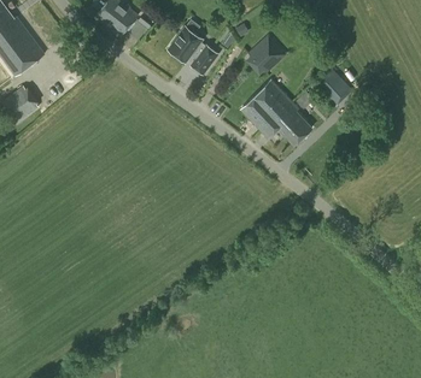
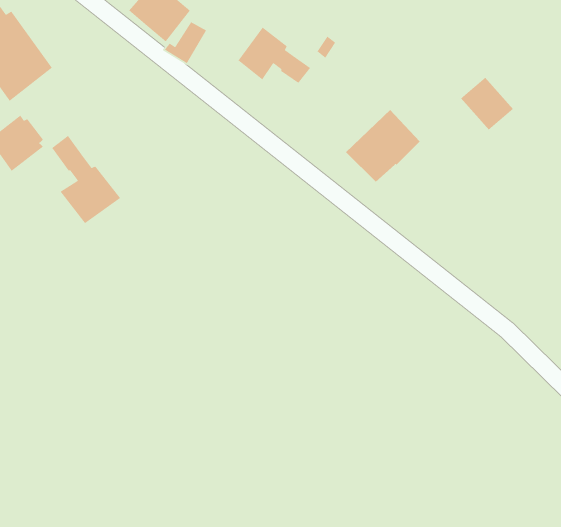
building: [247,35,286,73] -> none
building: none -> [51,135,121,224]
building: [261,104,311,146] -> none

